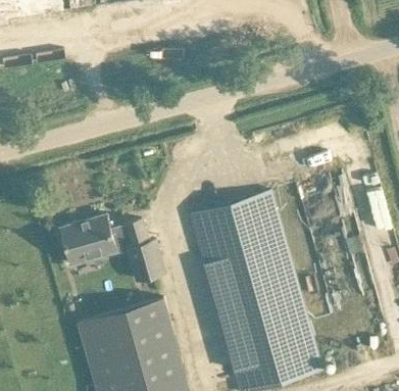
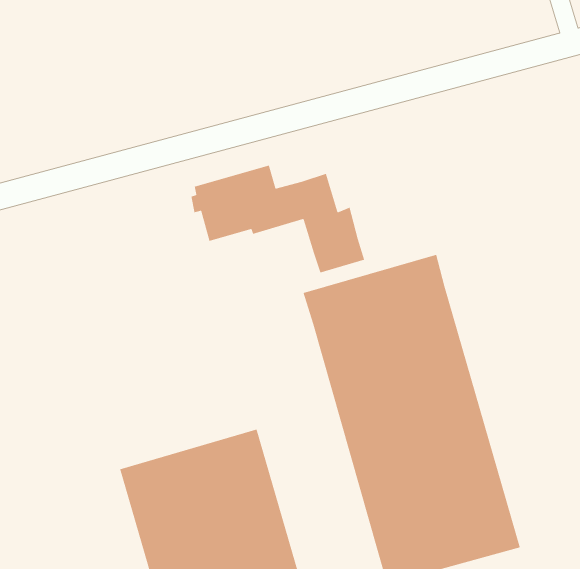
building: [58,215,164,282] -> [190,164,365,274]

